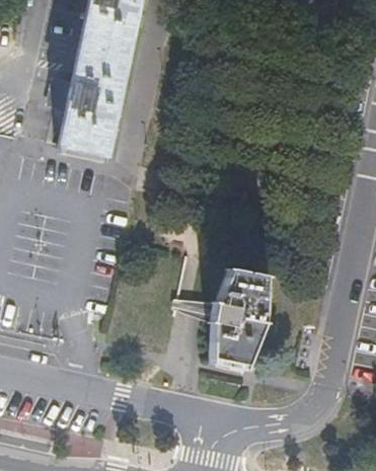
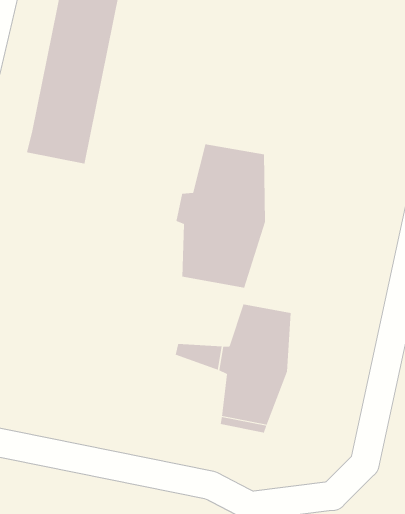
building: none -> [176,143,266,289]

